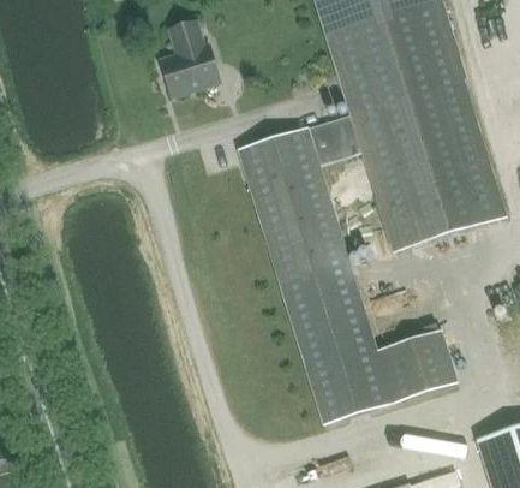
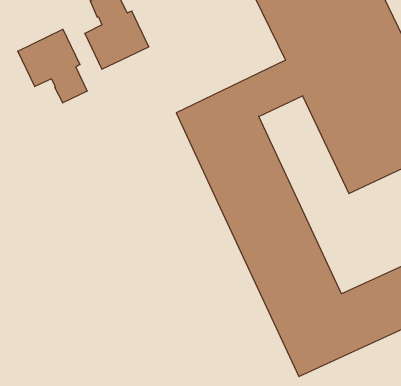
building: none -> [18,29,87,103]

